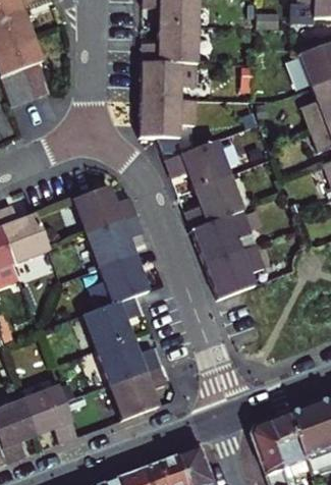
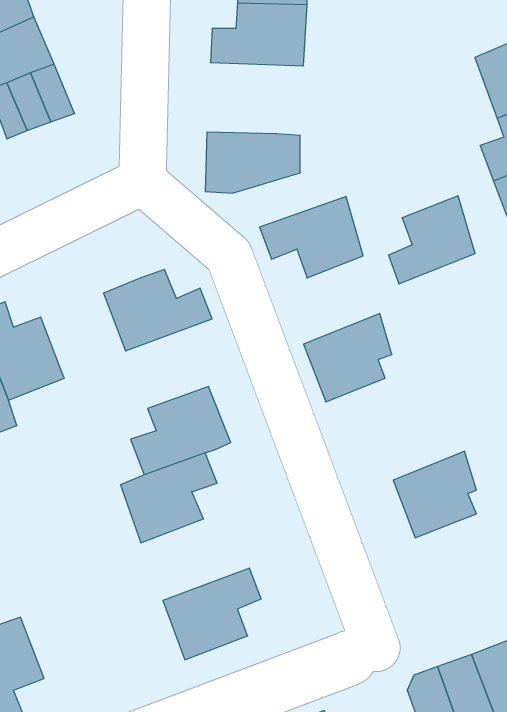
building: [135,60,194,103] -> none
building: [187,176,239,229] -> [389,196,475,284]
building: [87,214,145,268] -> none
building: [207,247,257,299] -> [393,451,476,538]
building: [96,334,161,383] -> none
building: [23,380,78,439] -> none

